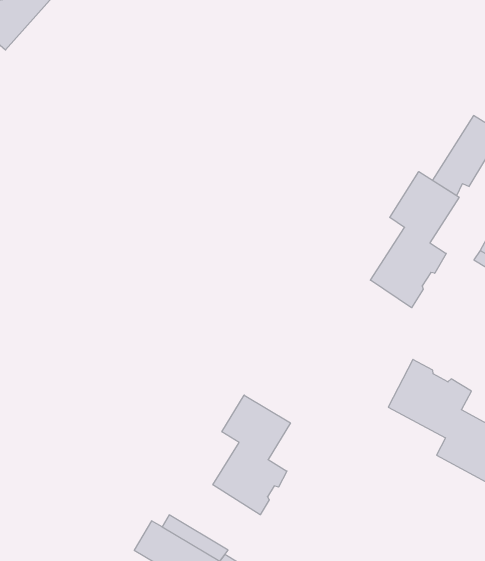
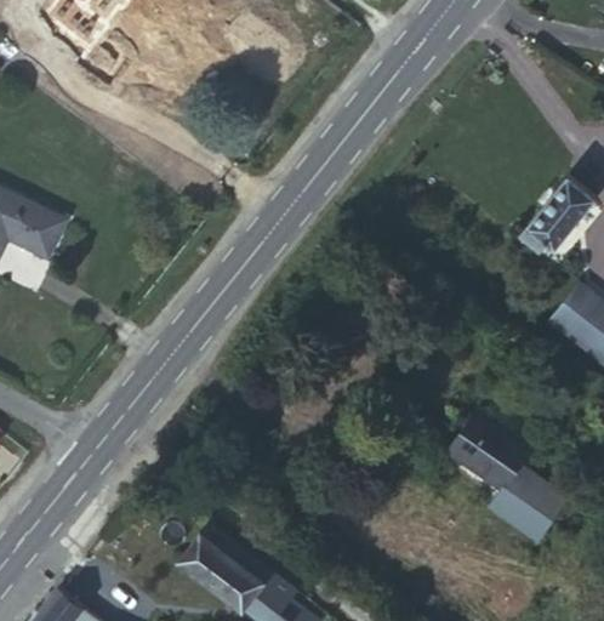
building: [370,172,459,308] -> none
building: [213,395,290,515] -> none

